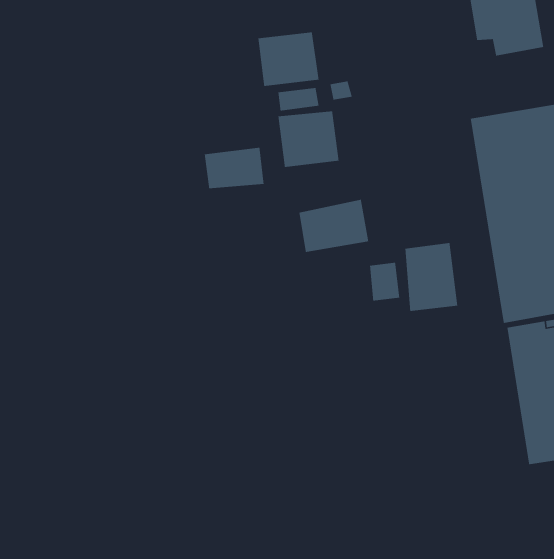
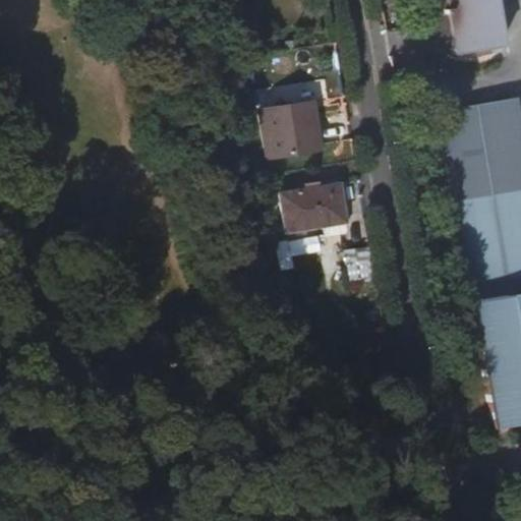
building: [257,32,320,87] -> none
building: [204,147,264,189] -> none
building: [405,242,458,312] -> none

